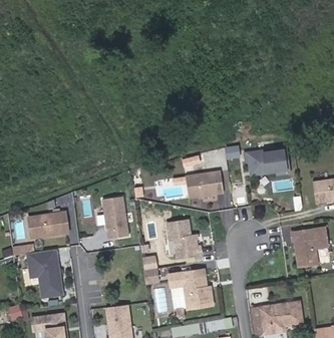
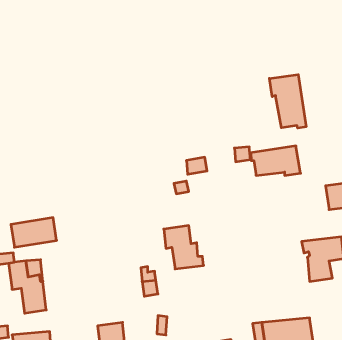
building: none -> [269,75,306,128]
building: [190,172,224,197] -> none
building: [108,197,133,239] -> none
building: [169,268,212,307] -> none

